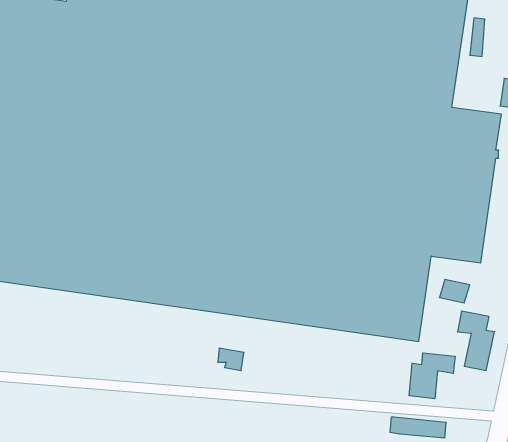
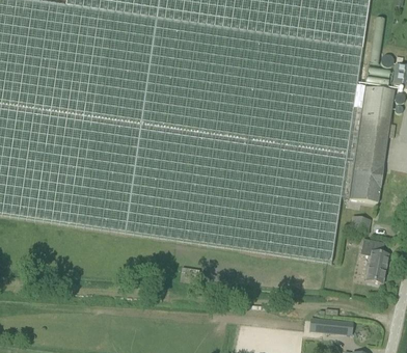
building: [409,353,455,399] -> none

